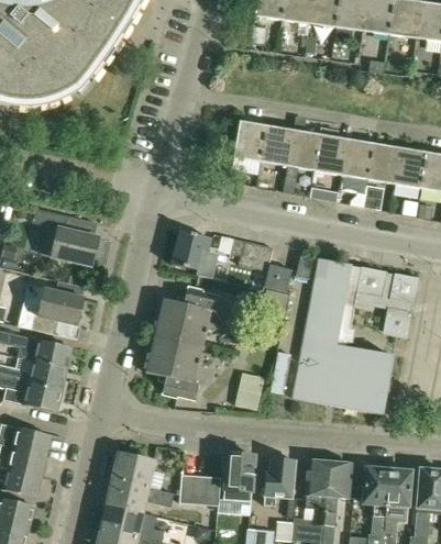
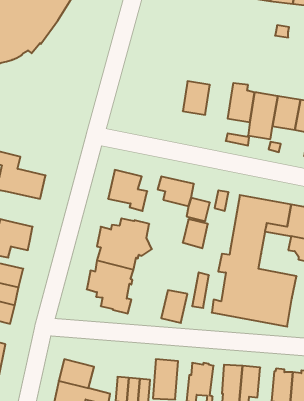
building: [232,120,264,160] -> none
building: [283,130,317,178] -> none

